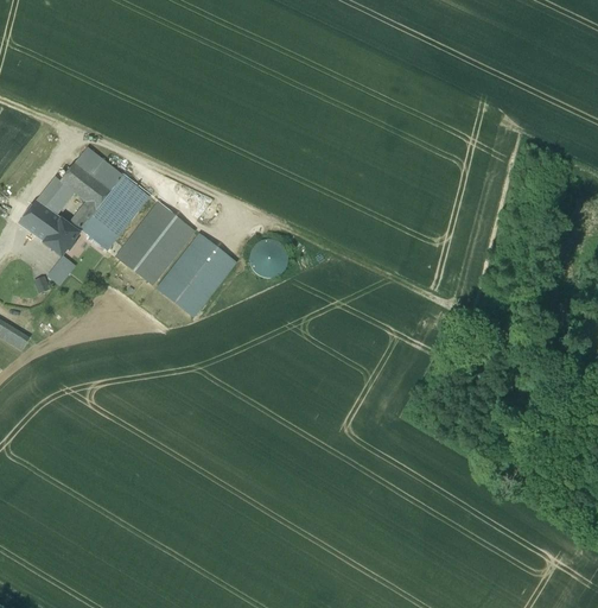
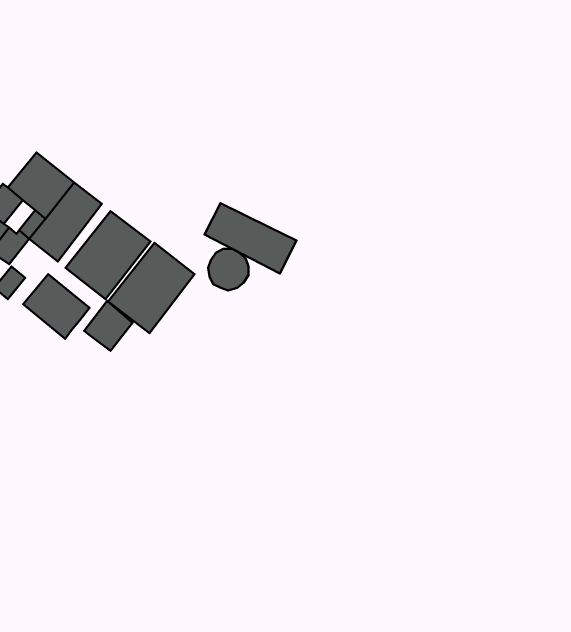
building: none -> [205,203,296,273]
building: none -> [23,274,89,339]
building: none -> [84,301,132,351]

